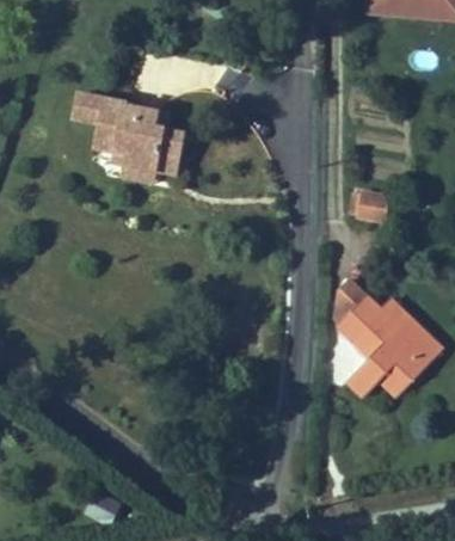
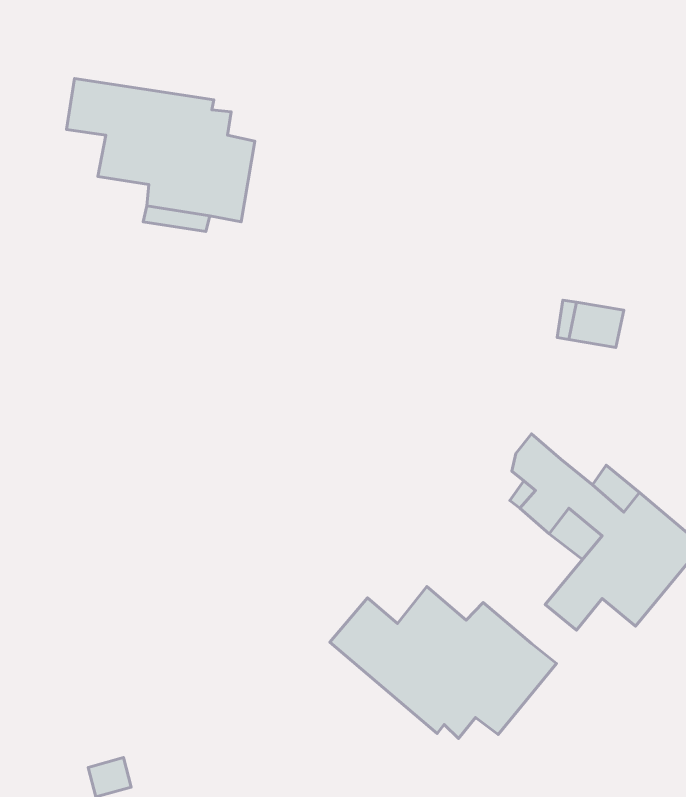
building: none -> [330,587,557,738]

